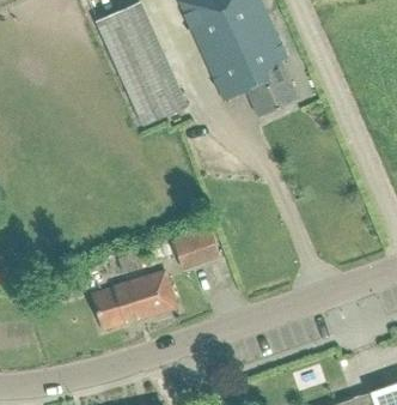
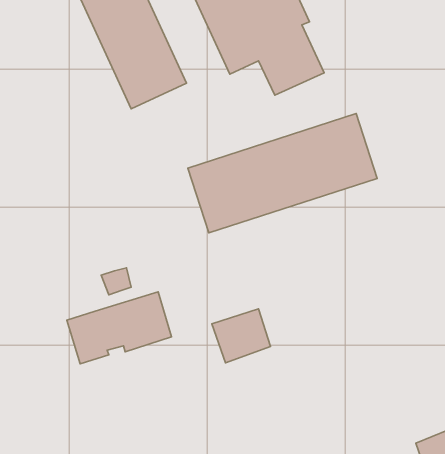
building: none -> [188,114,377,233]
building: [172,228,219,271] -> [212,309,270,363]

